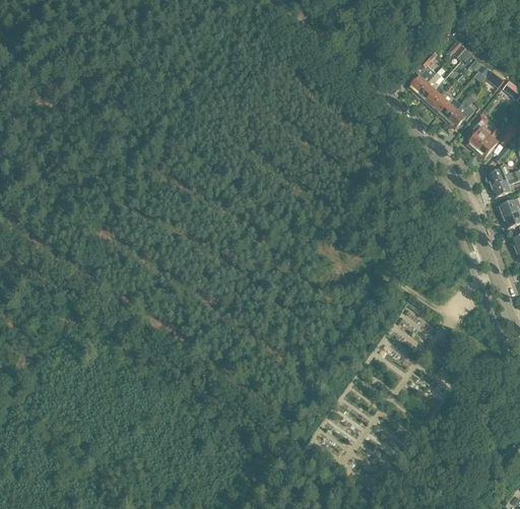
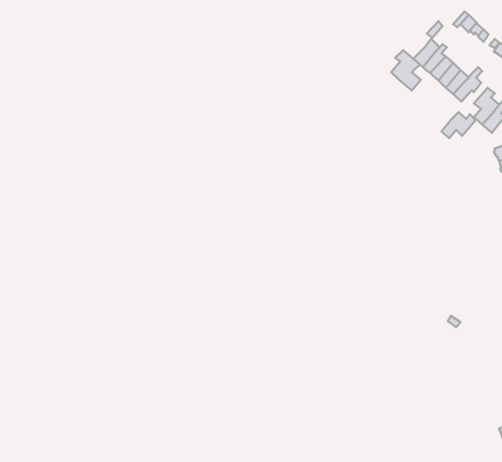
building: none -> [391,50,421,90]
building: none -> [441,112,475,138]

